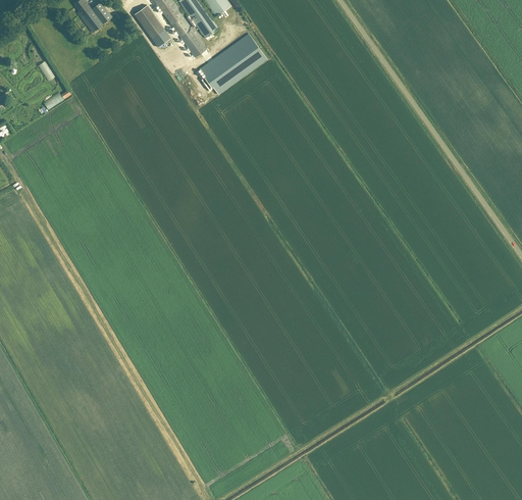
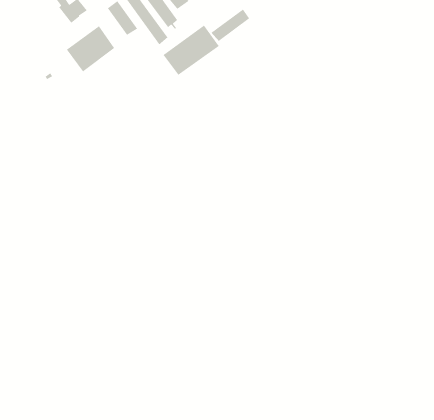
building: none -> [211,9,250,42]
building: none -> [66,25,115,73]

